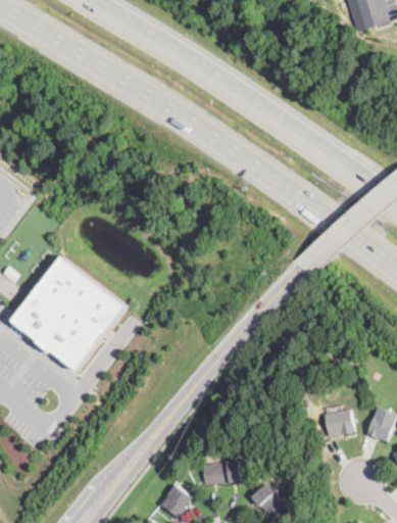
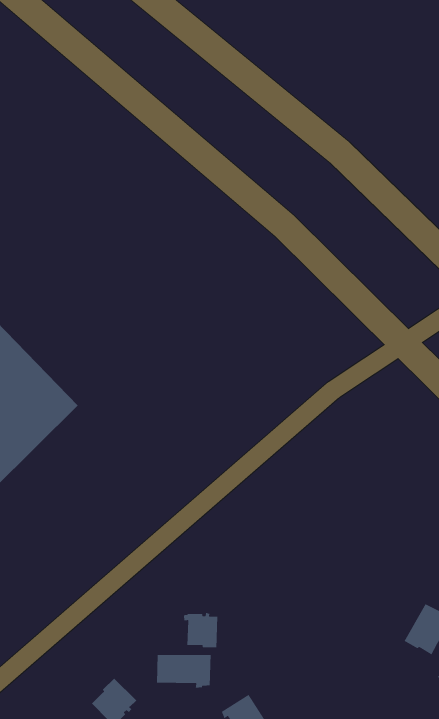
building: [324,410,354,436] -> none
building: none -> [183,612,218,648]

